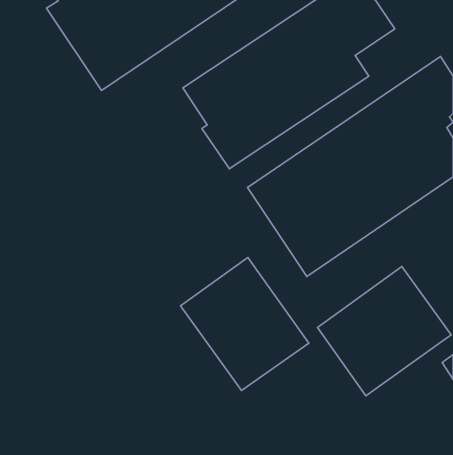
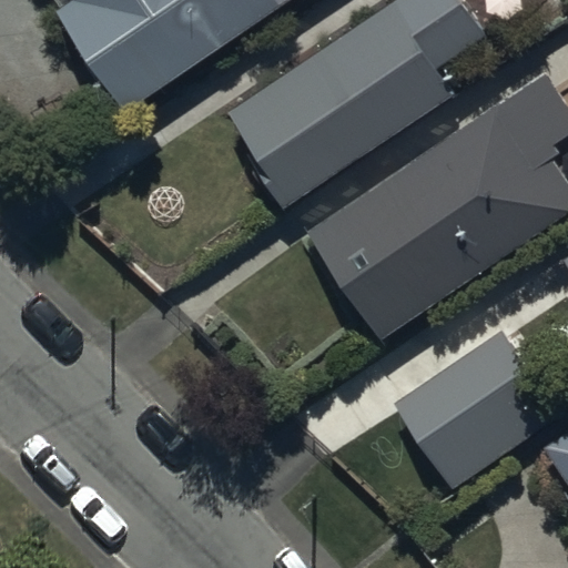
building: [181,258,309,391] -> none

